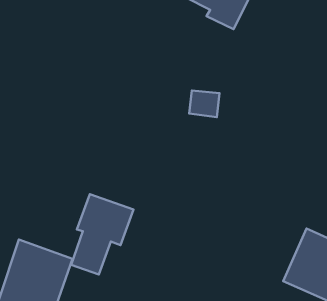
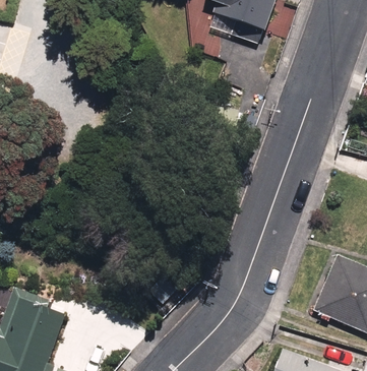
building: [71,194,133,275] -> none

